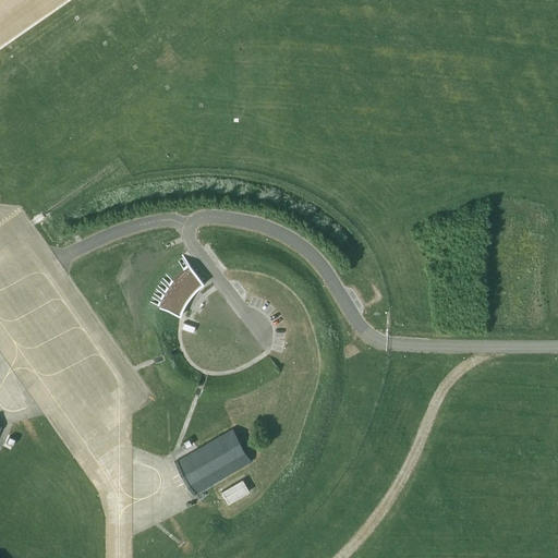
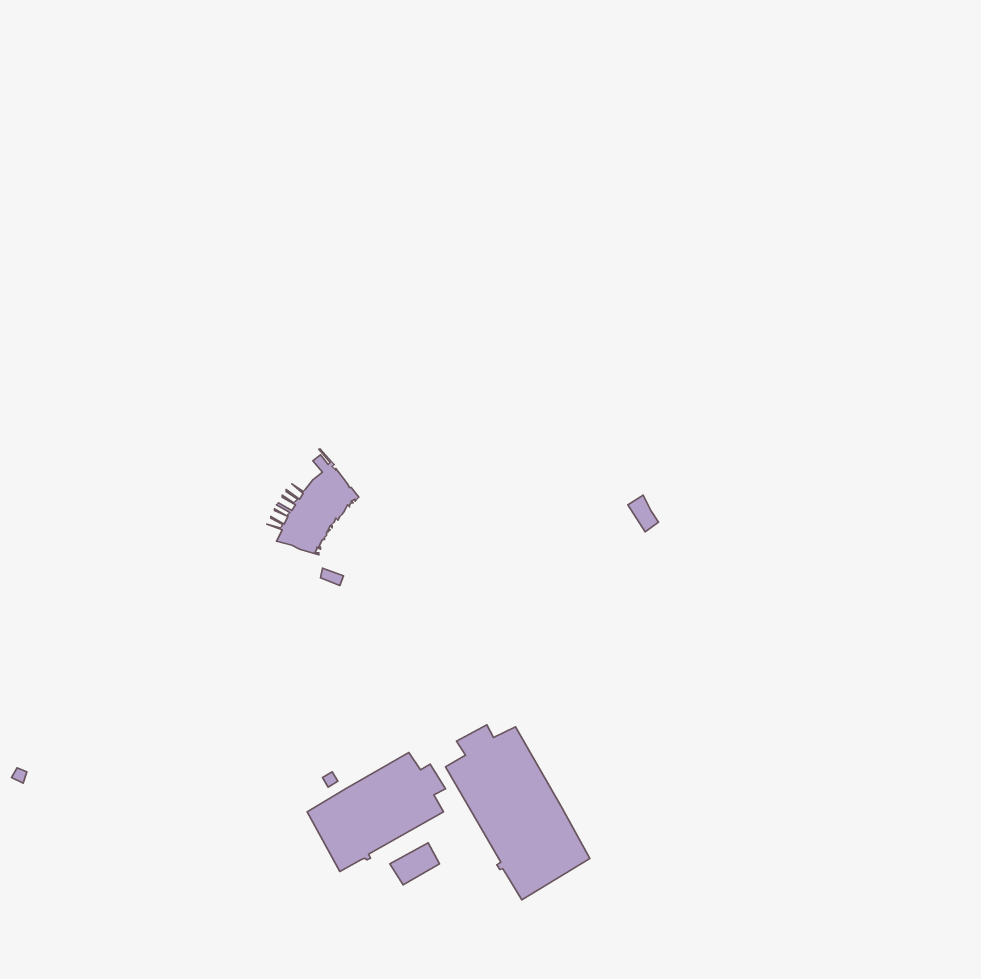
building: none -> [445,725,590,900]

